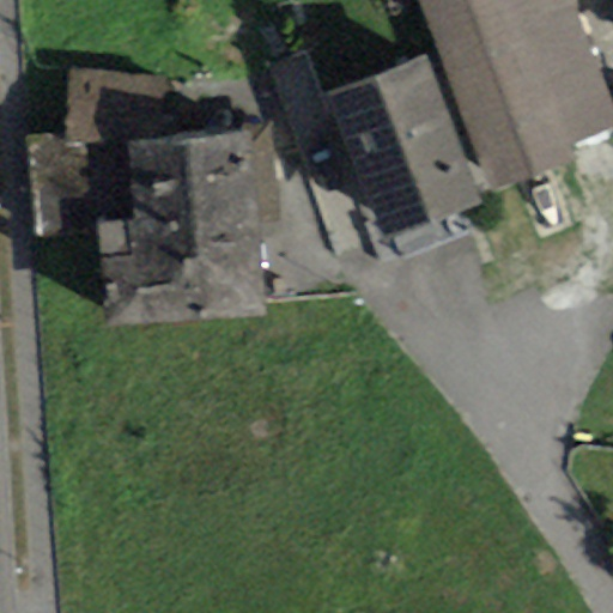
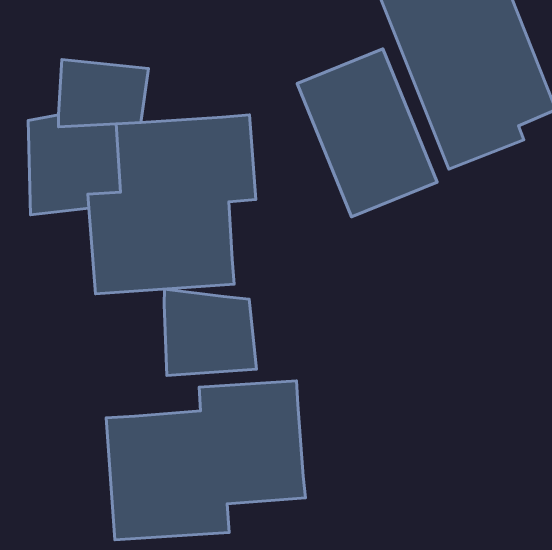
building: none -> [164,289,256,375]
building: none -> [106,381,305,540]

